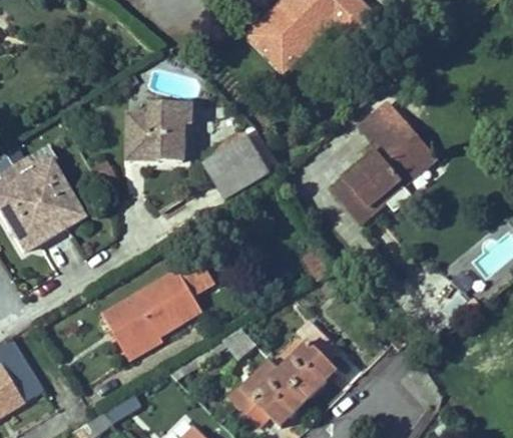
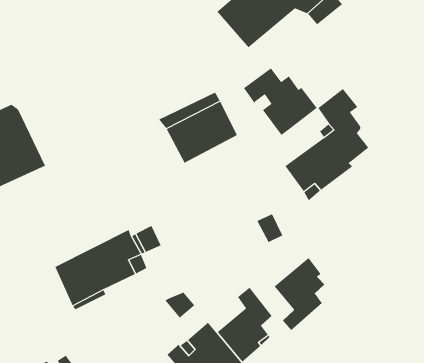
building: none -> [243,68,318,136]
building: [126,96,196,159] -> none
building: [397,122,435,184] -> none
building: none -> [274,257,325,331]

